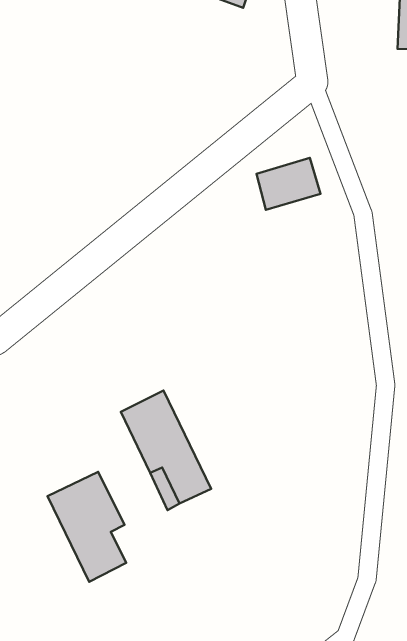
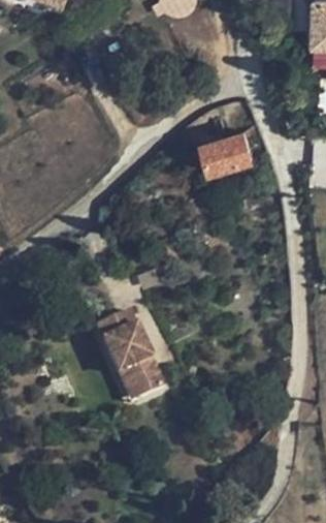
building: [47,472,126,582] -> none

